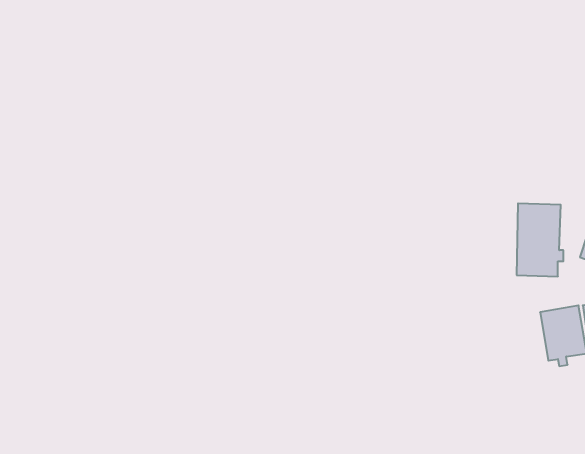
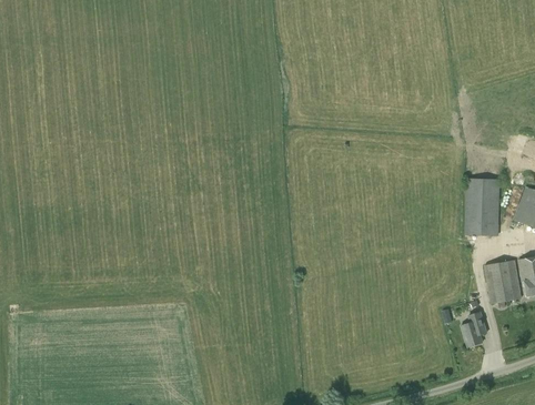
building: none -> [461,312,484,347]

